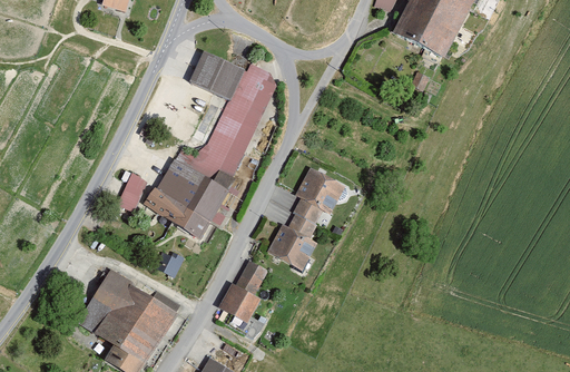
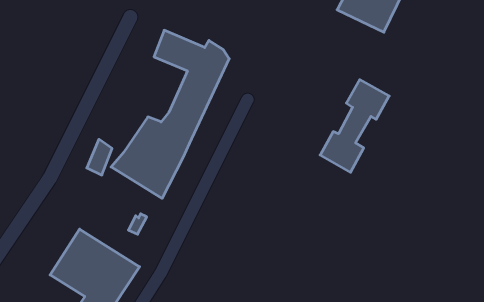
building: [267,168,343,270] -> [320,80,389,172]
building: [219,262,265,321] -> none

